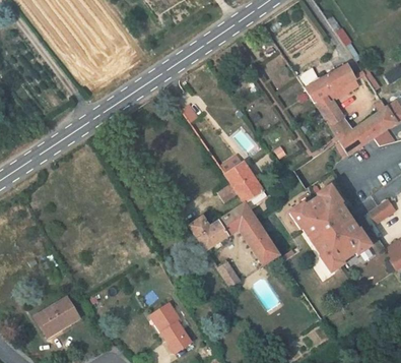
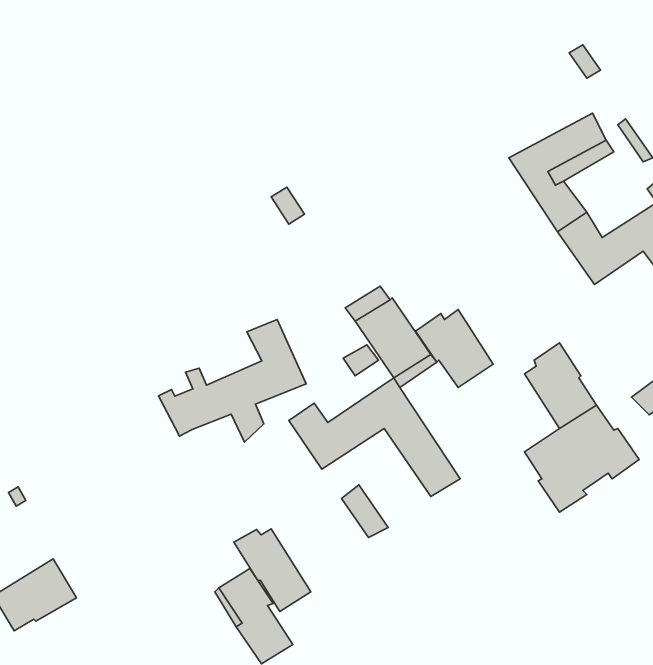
building: none -> [158,319,306,442]
building: [290,200,331,241] -> [415,310,493,388]
building: none -> [234,529,311,612]

